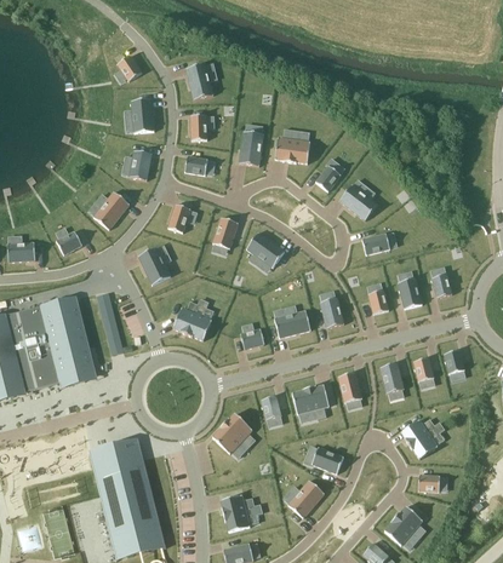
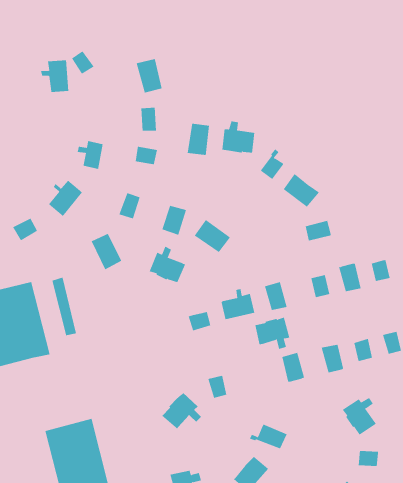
building: [124,98,154,132] -> [40,60,69,92]
building: [173,300,212,339] -> [149,246,186,283]
building: [292,384,330,418] -> [254,317,290,349]

